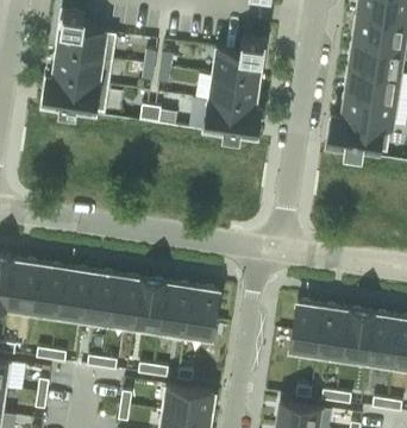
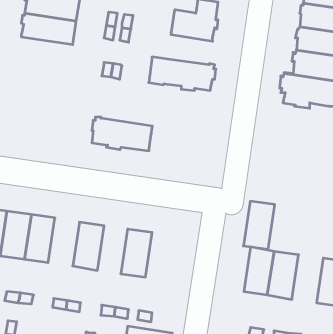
building: [209,75,259,107] -> none
building: [44,76,108,112] -> [92,117,152,151]
building: [82,270,115,321] -> none
building: [134,278,167,329] -> none
building: [186,285,218,336] -> none
building: [342,309,375,360] -> [243,201,275,249]

